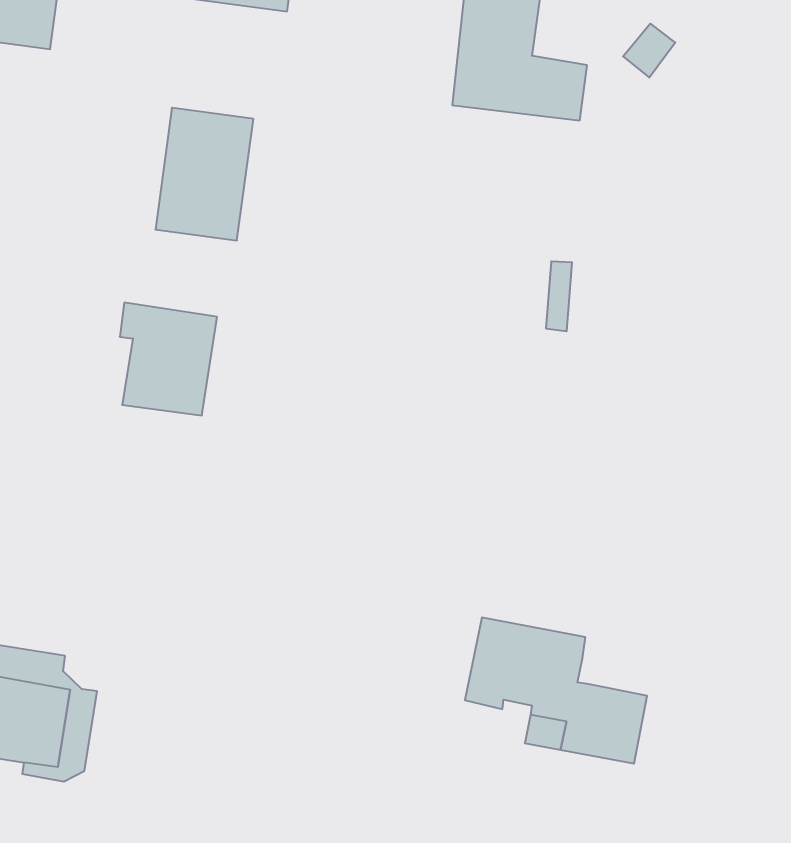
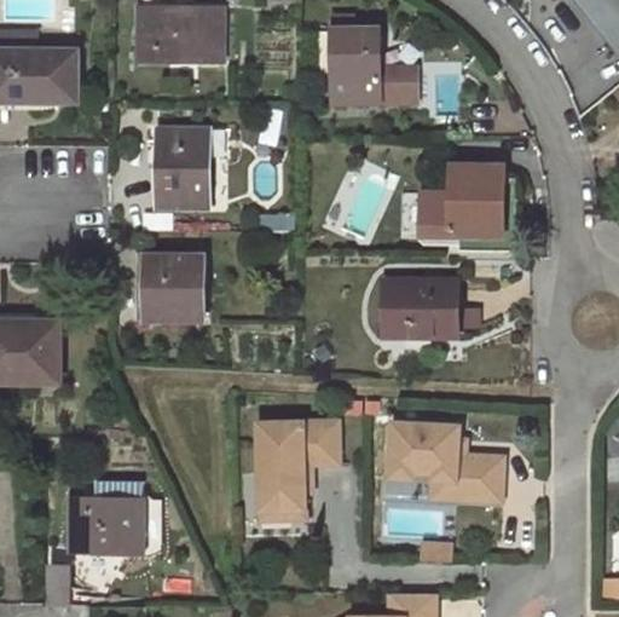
building: none -> [451,169,534,233]
building: none -> [381,278,456,336]
building: none -> [259,420,340,517]

